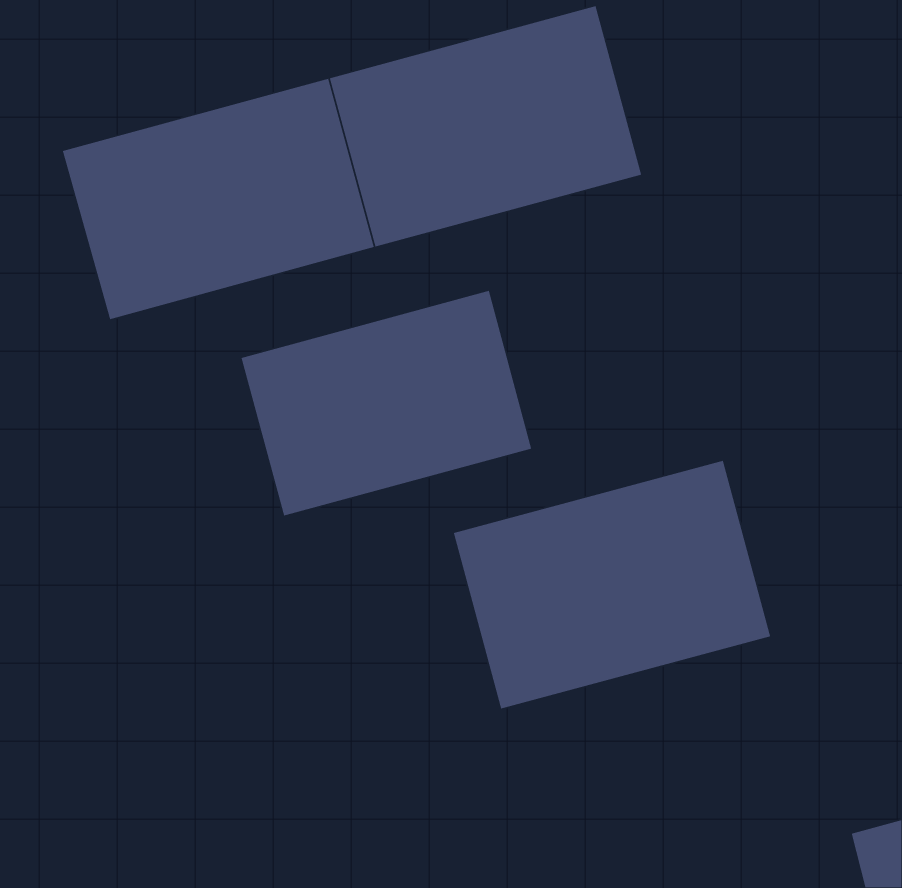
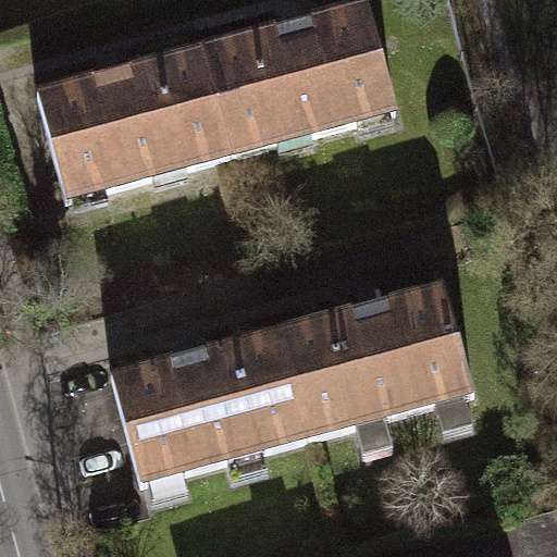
building: [241,290,532,517] -> none
building: none -> [111,327,308,482]

